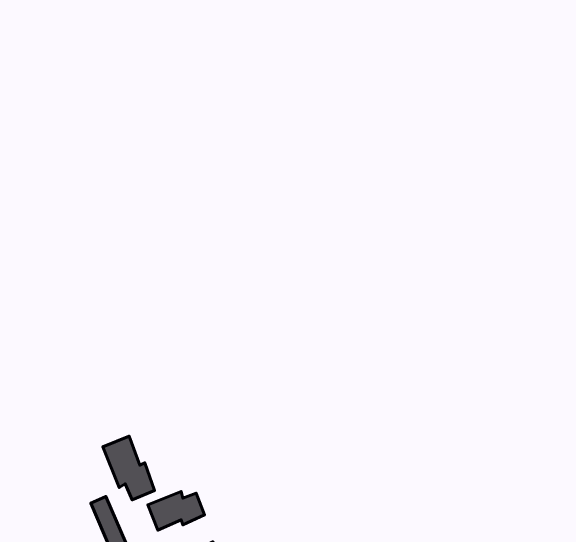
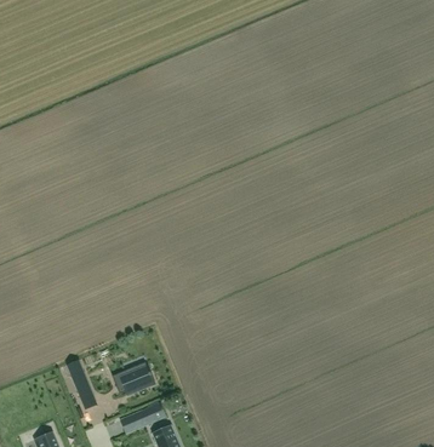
building: [103,436,155,500] -> none

